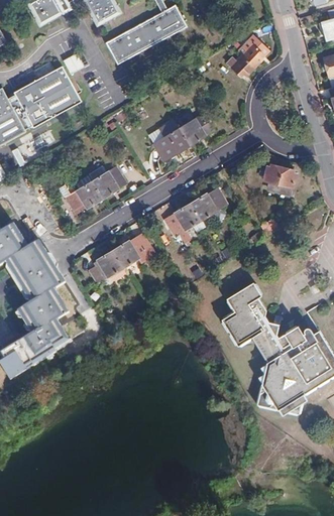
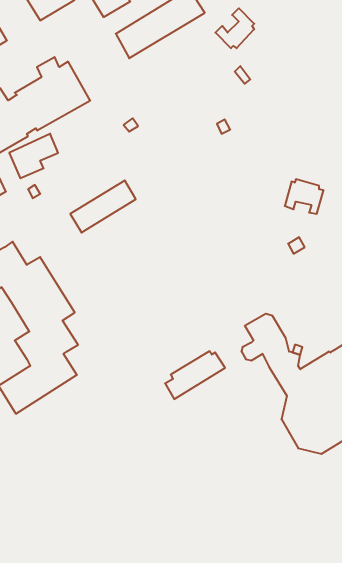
building: [227,39,262,76] -> [215,8,254,48]
building: [149,119,203,162] -> none
building: [164,185,230,235] -> none
building: [89,241,143,284] -> [165,351,225,399]

